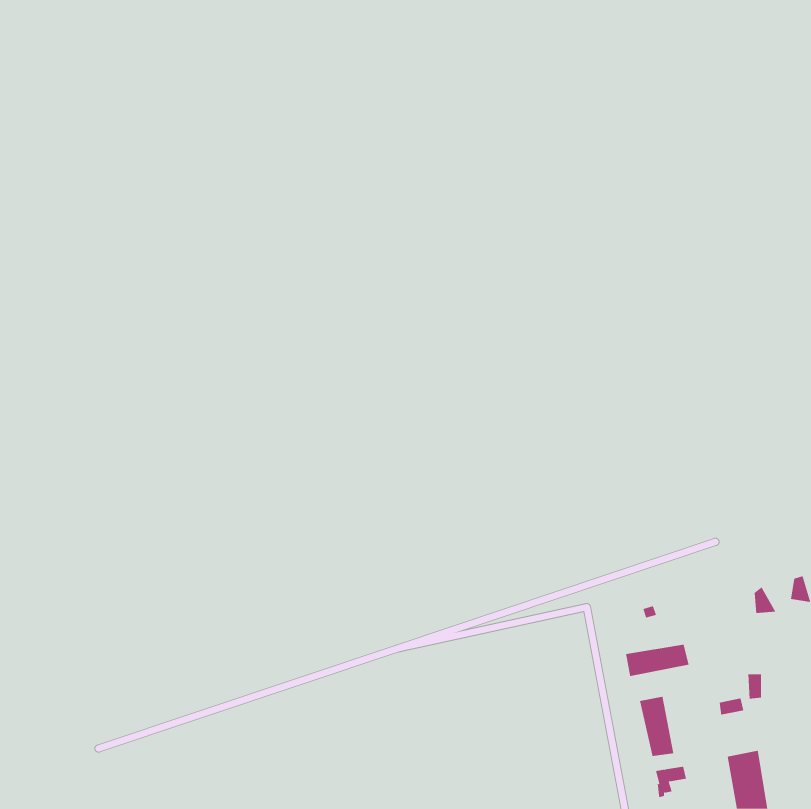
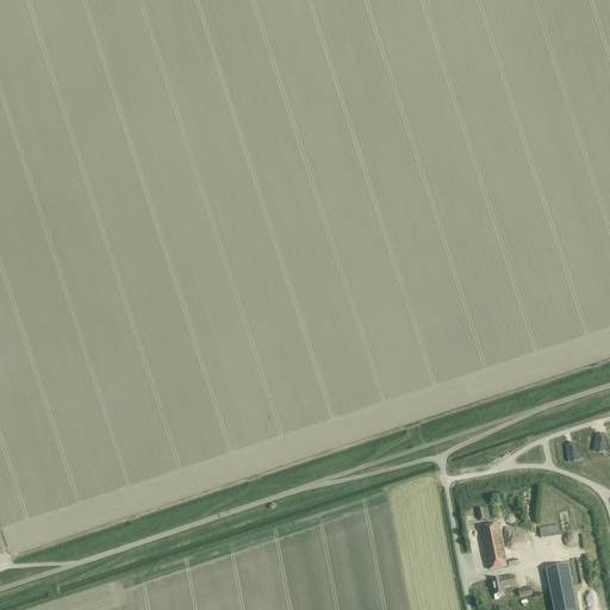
building: [625,644,689,677] -> none

